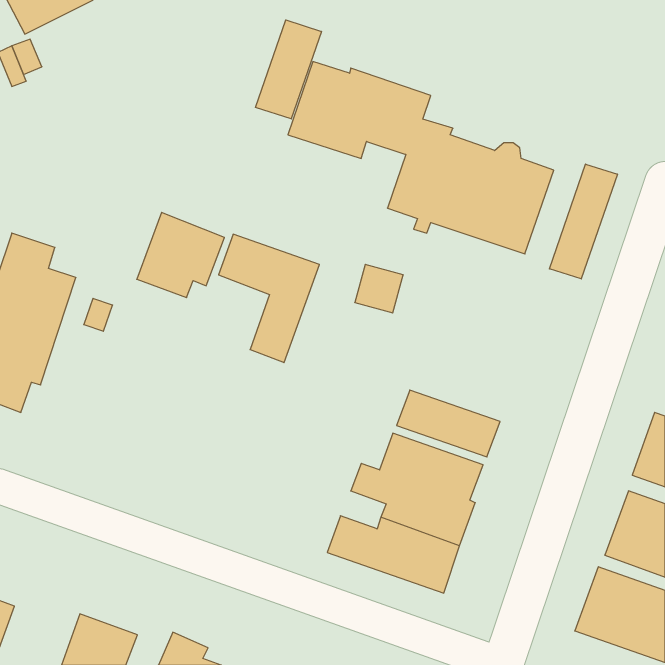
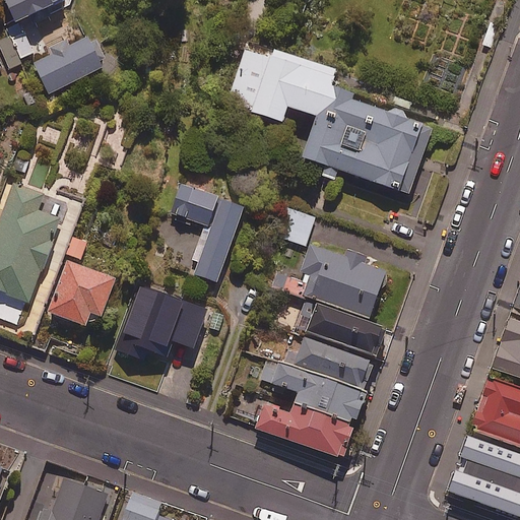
building: [256,20,321,119] -> none
building: none -> [32,32,107,90]
building: [549,164,617,279] -> none
building: [137,212,224,298] -> [49,258,117,324]
building: none -> [301,242,387,315]
building: none -> [115,281,208,358]

